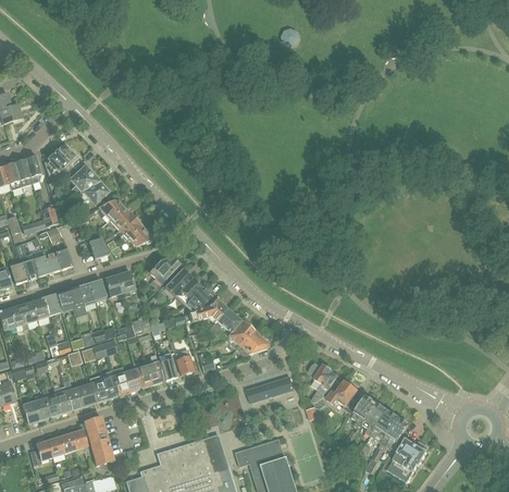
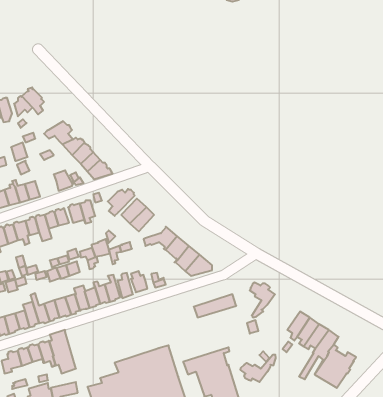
building: [70,164,99,196] -> none
building: [184,286,214,312] -> none
building: [324,380,359,411] -> none
building: none -> [241,355,276,382]

